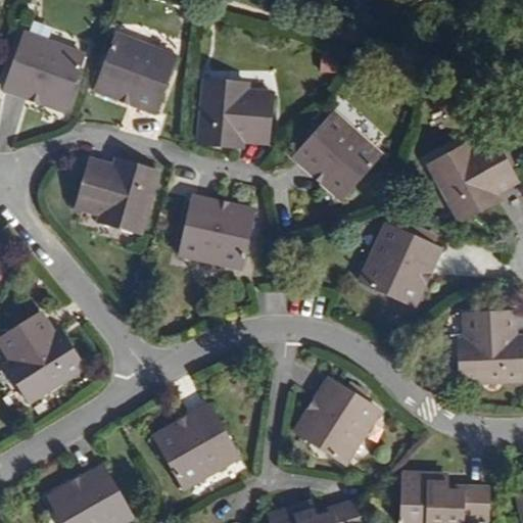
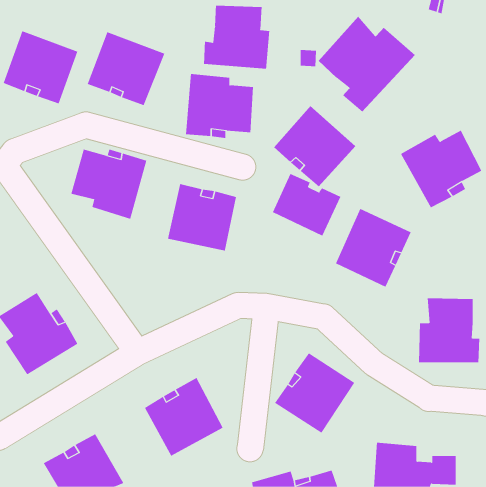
building: none -> [204,5,270,69]
building: none -> [318,16,416,113]
building: none -> [272,173,341,237]

